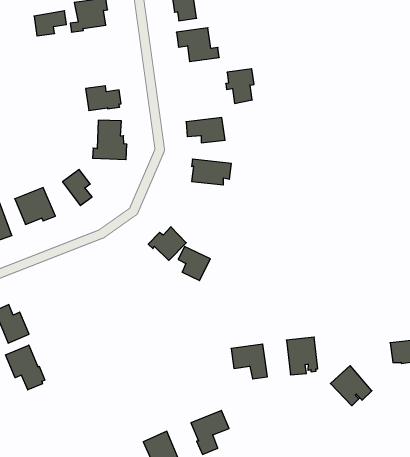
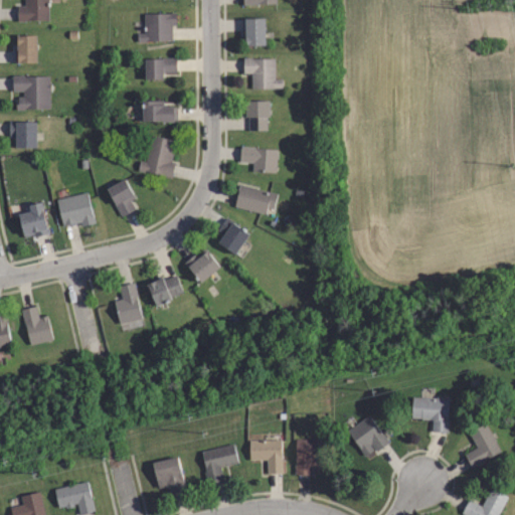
building: [34,11,66,36] -> [147,58,178,79]
building: [226,69,254,103] -> [242,102,271,134]
building: [178,246,210,281] -> [216,217,248,253]
building: none -> [147,276,182,305]
building: none -> [114,284,141,324]
building: [286,337,318,375] -> [295,439,324,475]
building: [231,344,267,379] -> [250,438,283,471]
building: [5,345,45,390] -> none

